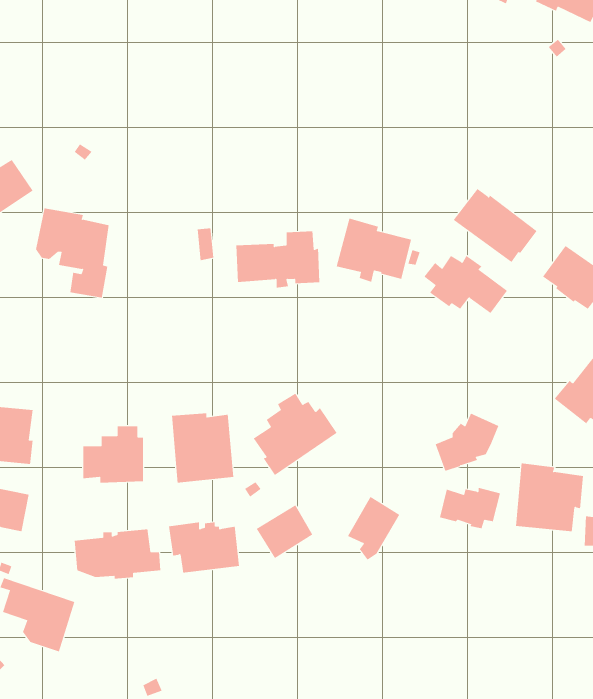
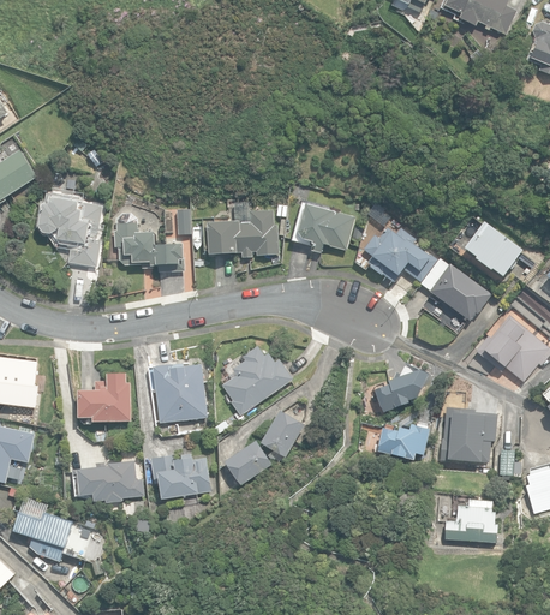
building: [453,188,537,263] -> [419,258,490,321]
building: none -> [113,222,185,273]
building: [347,496,400,561] -> [259,408,304,462]
building: none -> [443,498,497,543]

